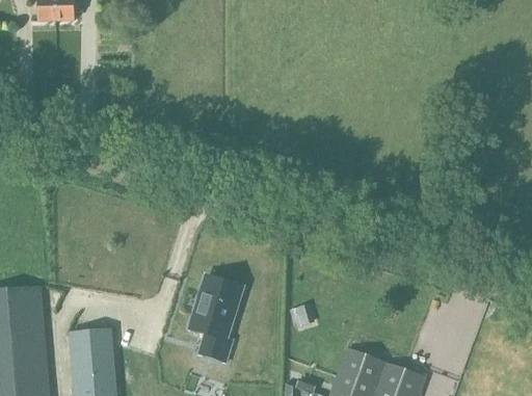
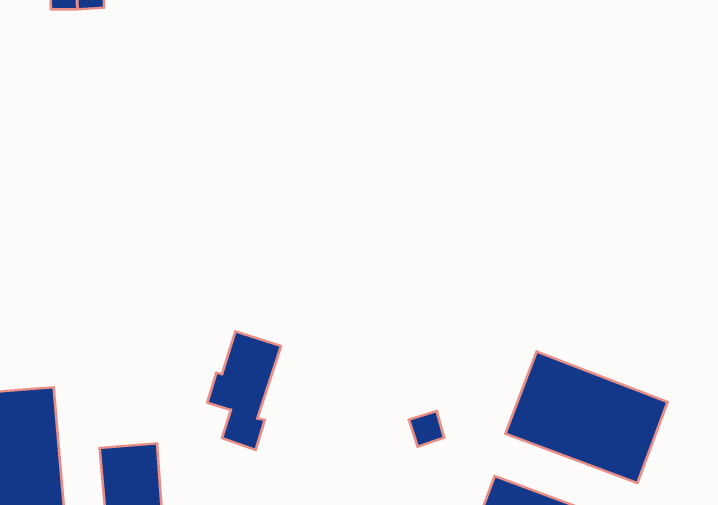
building: none -> [505,351,668,483]
building: [189,281,241,364] -> [207,331,281,450]

